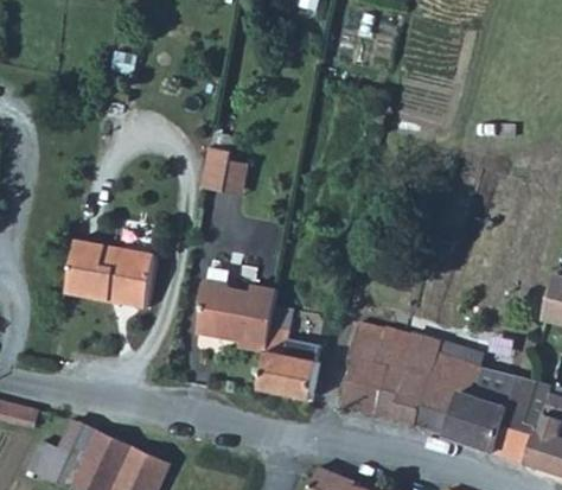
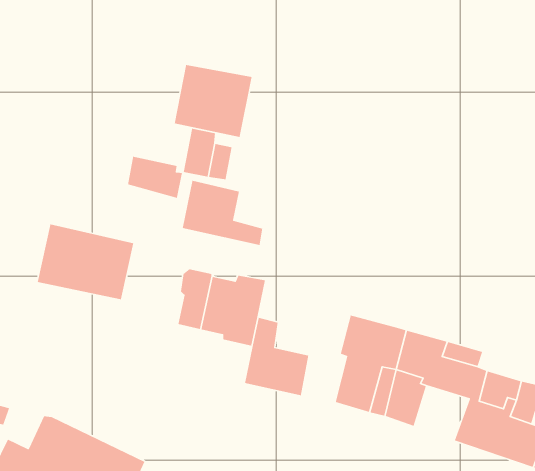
building: none -> [174,64,252,138]
building: none -> [127,156,183,199]
building: none -> [182,180,263,246]
building: [415,388,466,439] -> none

